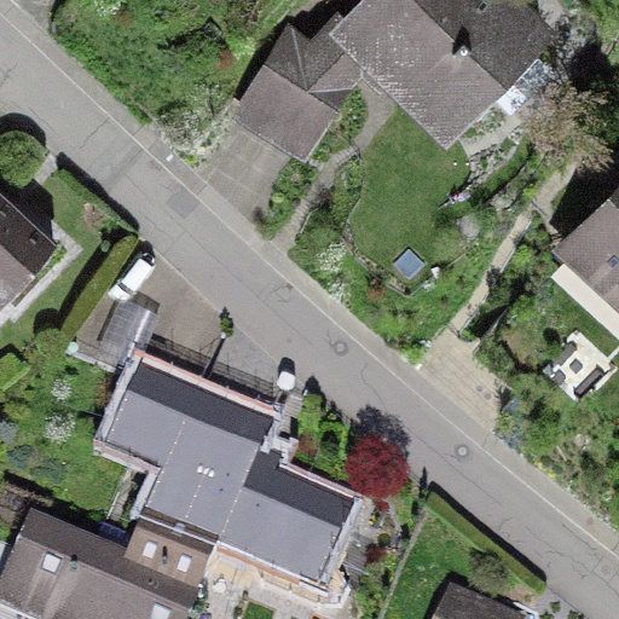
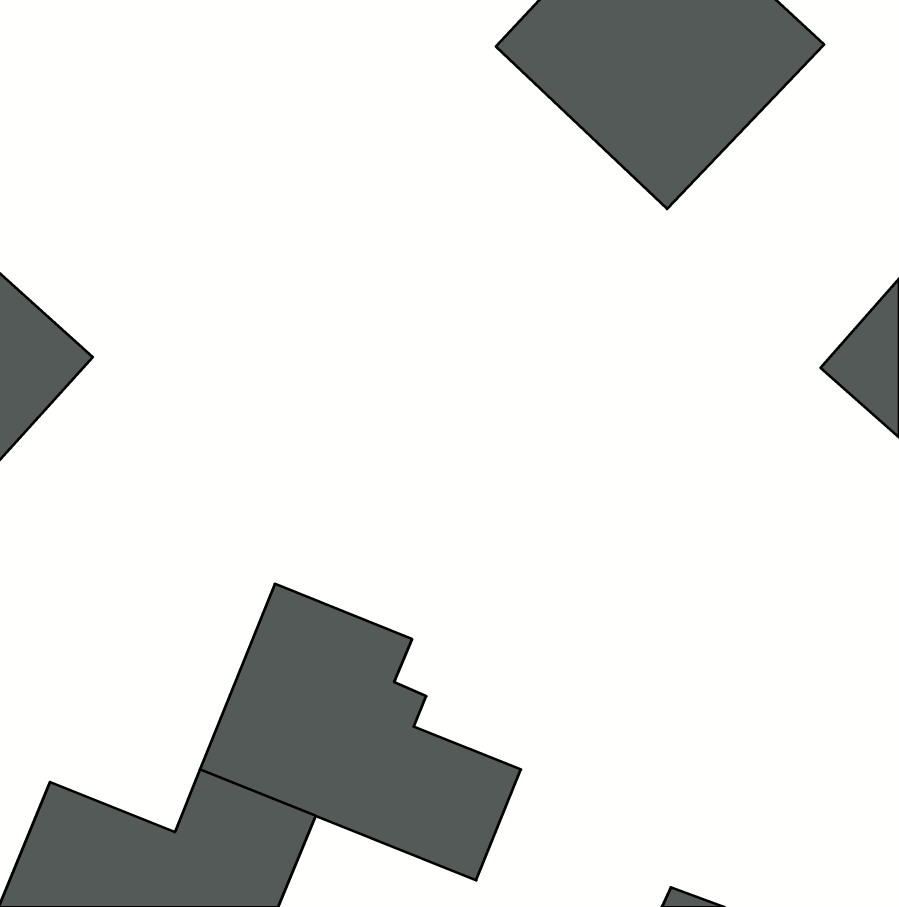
building: [232,25,346,155] -> none
building: [100,372,186,470] -> none

